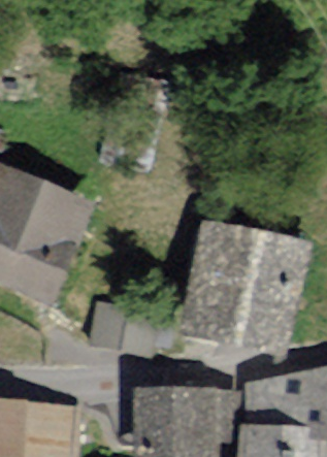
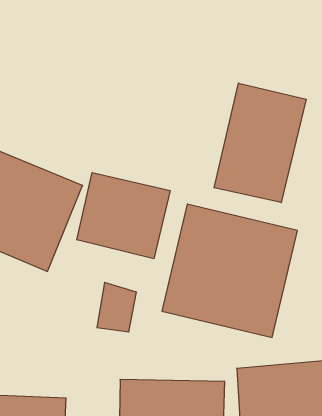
building: none -> [214,83,306,203]
building: none -> [77,173,170,259]

